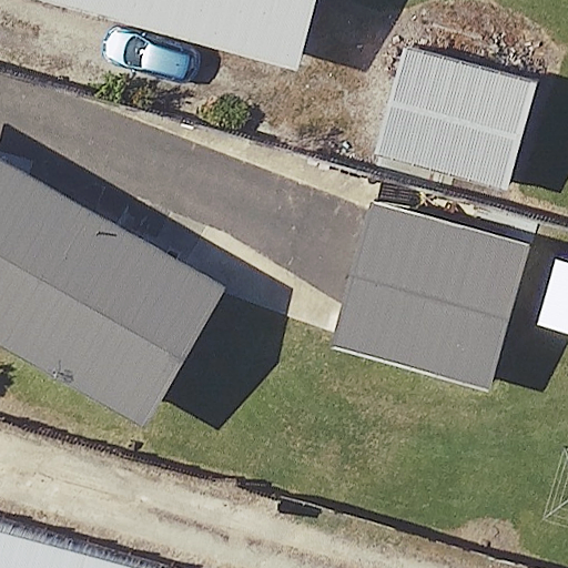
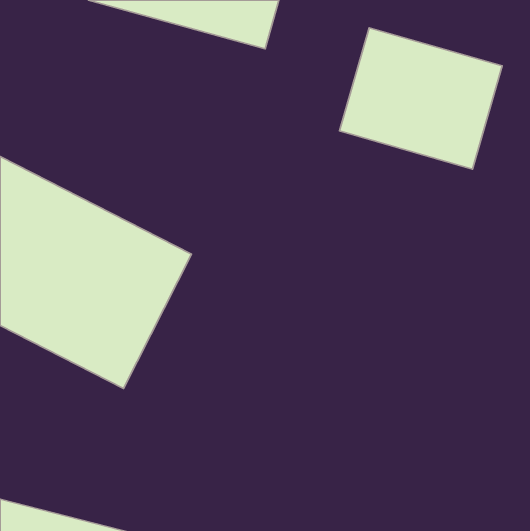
building: [336,205,527,387] -> none

